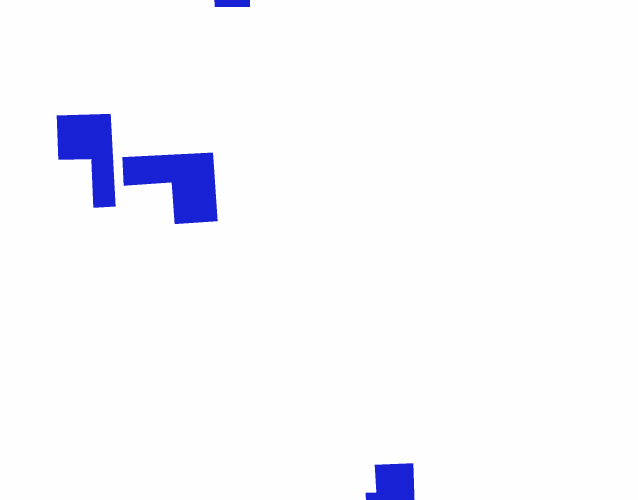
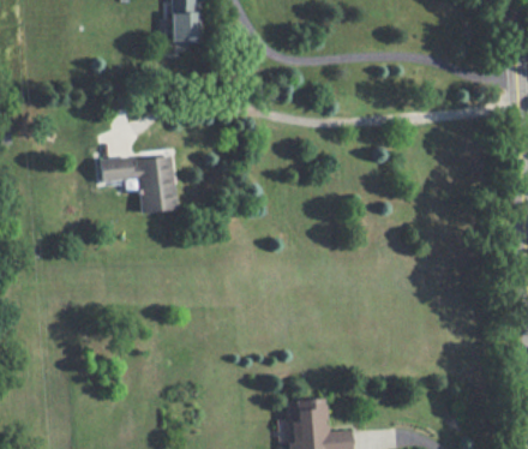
building: [56,113,116,208] -> none

